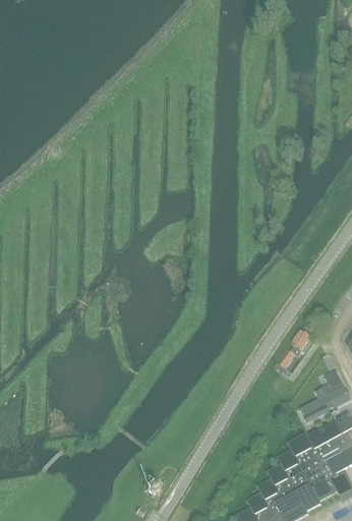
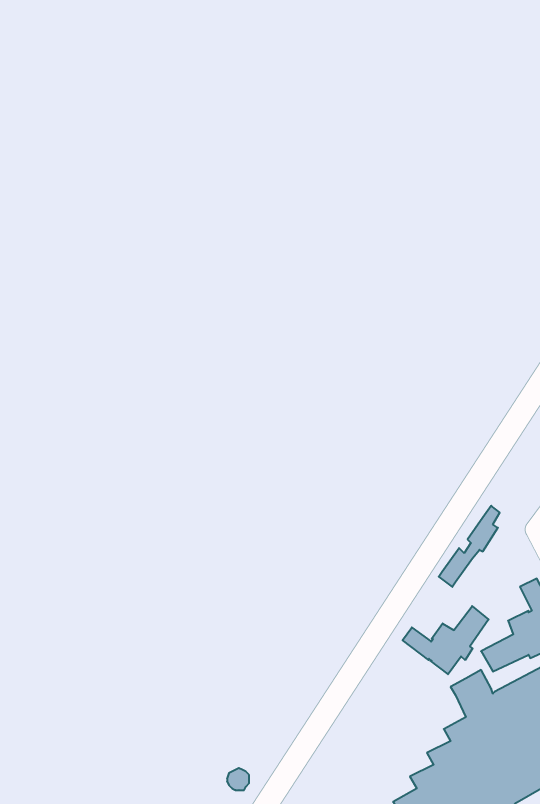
building: none -> [403,606,489,674]

